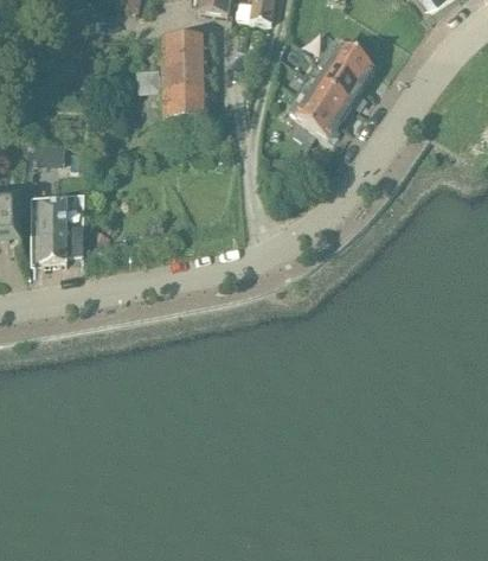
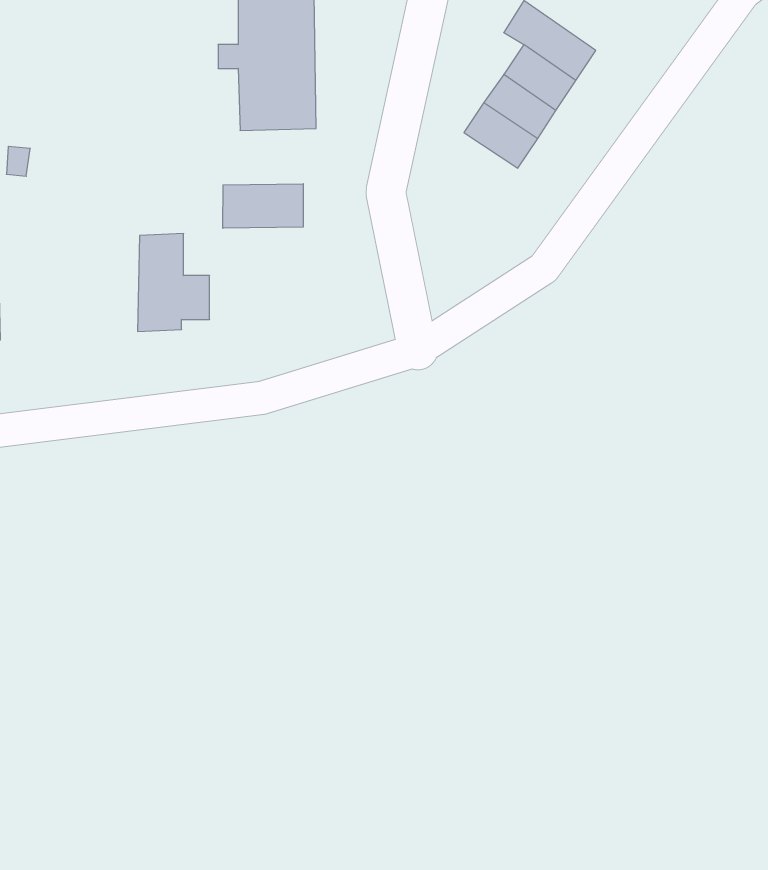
building: none -> [223,184,303,228]
building: [39,199,82,257] -> [138,234,210,331]

